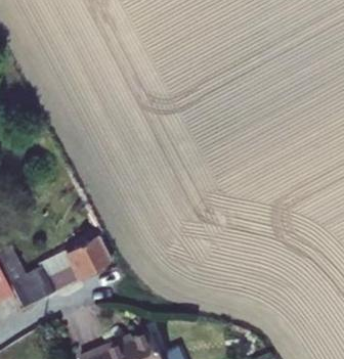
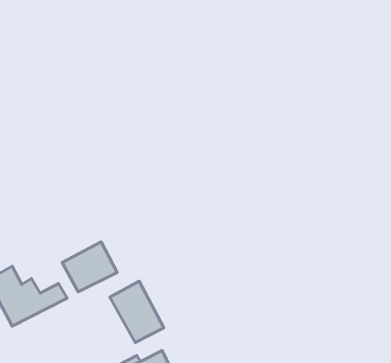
building: none -> [110,281,164,343]

